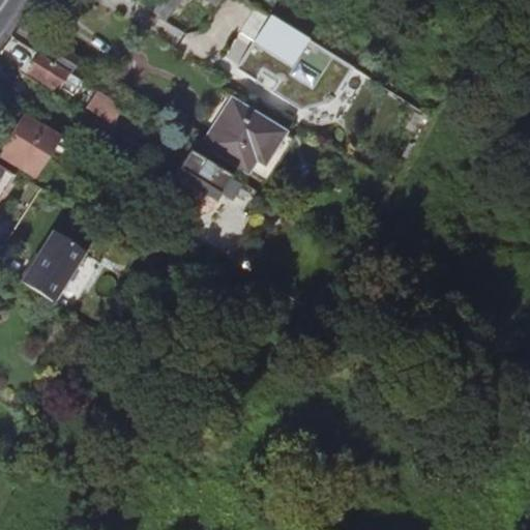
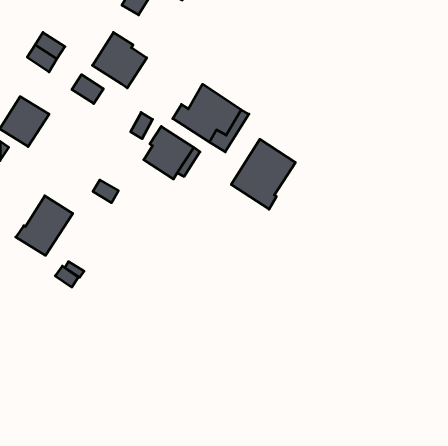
building: [235,13,349,106] -> none
building: none -> [92,32,147,88]
building: none -> [231,139,295,209]

